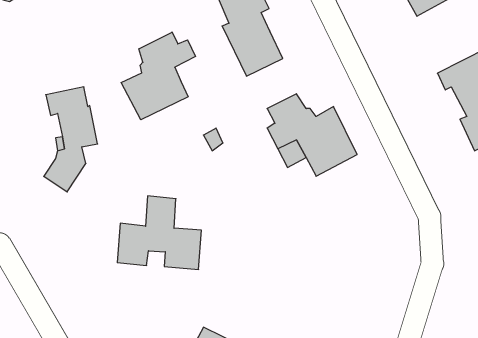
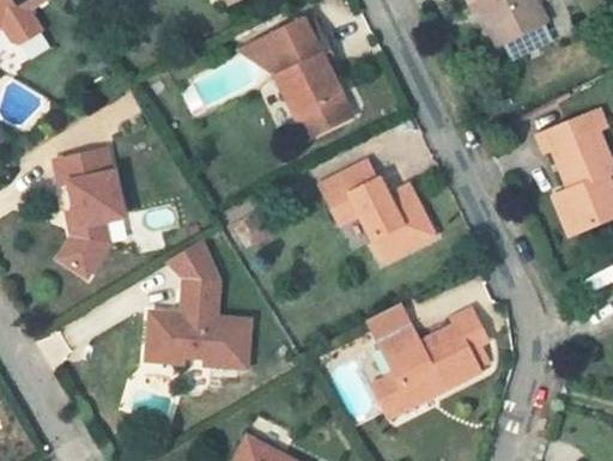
building: [121,32,195,120] -> none
building: none -> [166,247,218,287]
building: none -> [370,299,490,414]

